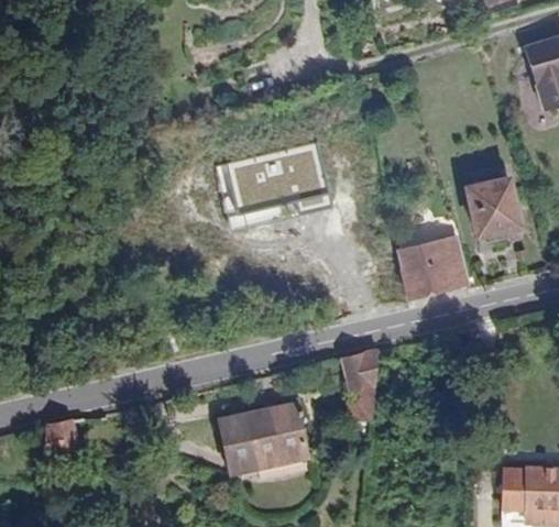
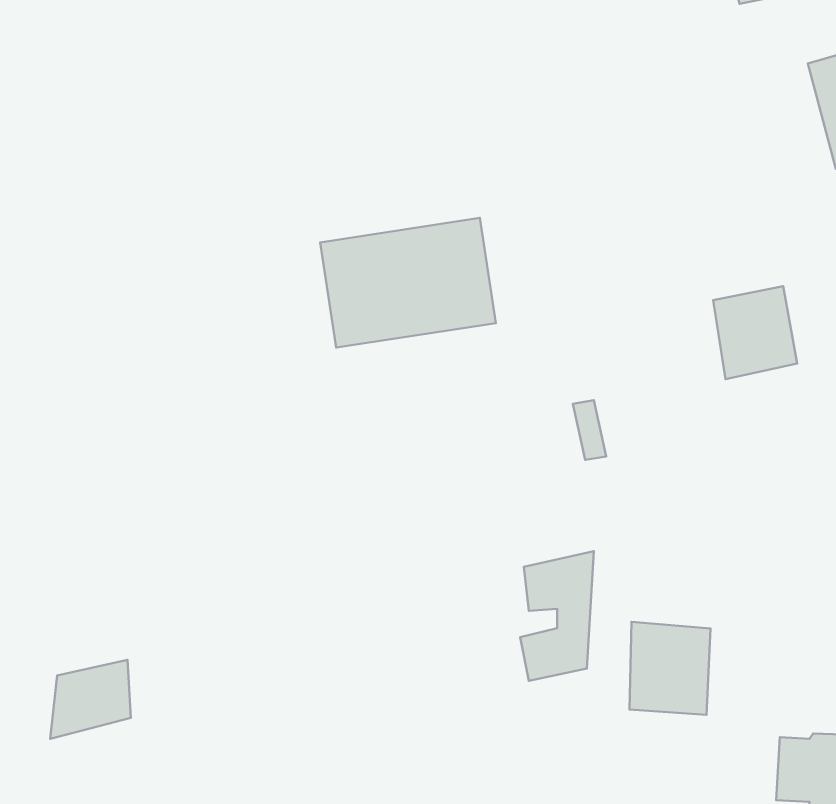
building: [399,242,462,304] -> none
building: none -> [629,622,711,715]
building: [220,403,313,472] -> none

